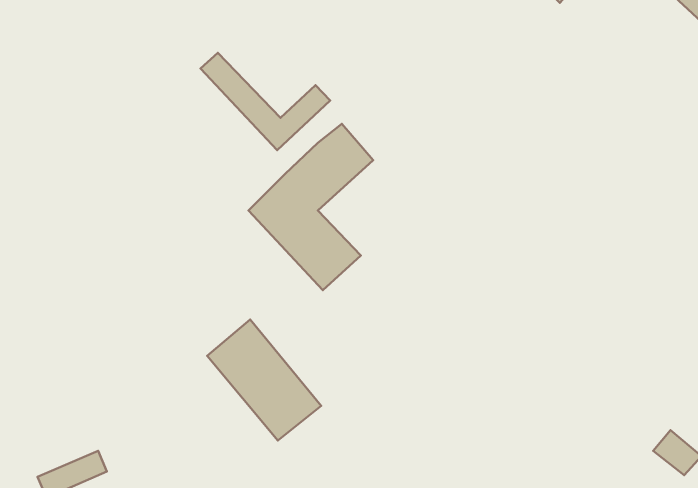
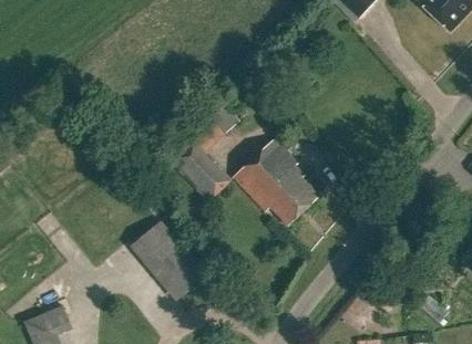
building: [201,53,330,150] -> none
building: none -> [234,139,320,226]

